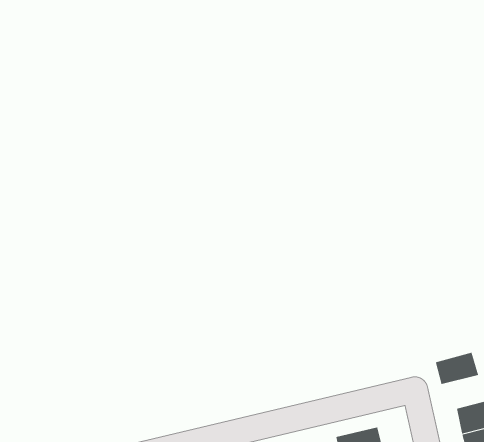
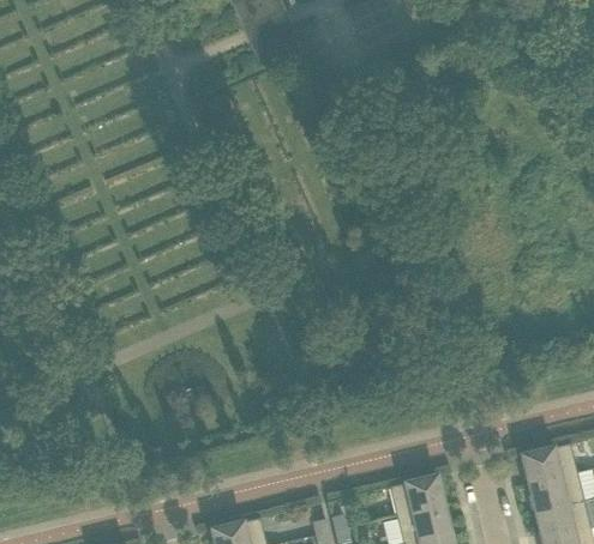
building: [435,352,479,385] -> none

